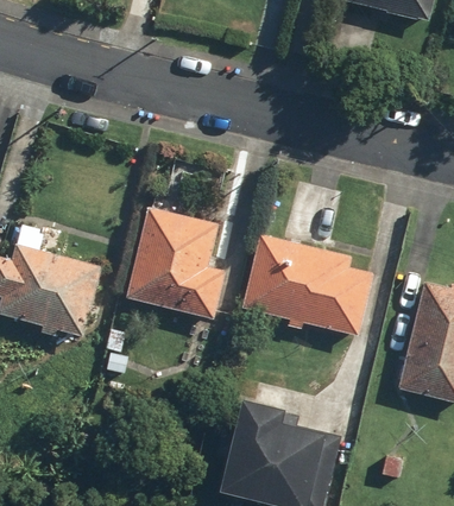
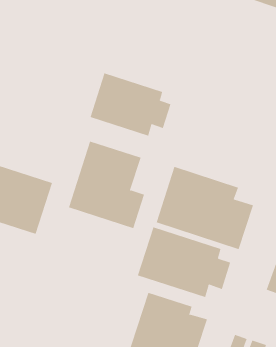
building: none -> [90,73,171,137]
building: none -> [137,226,231,298]

